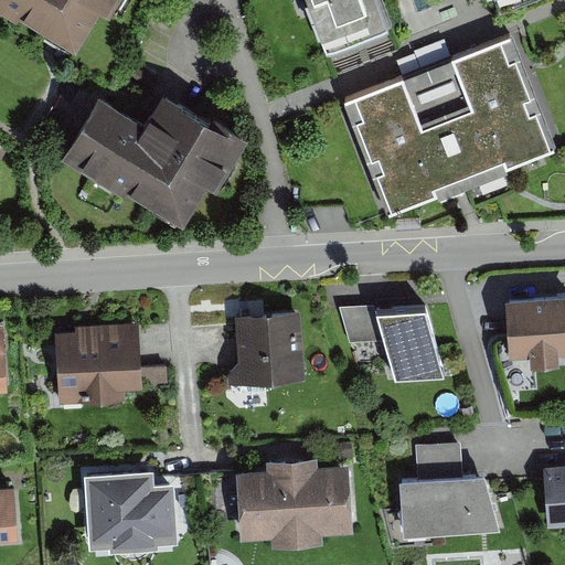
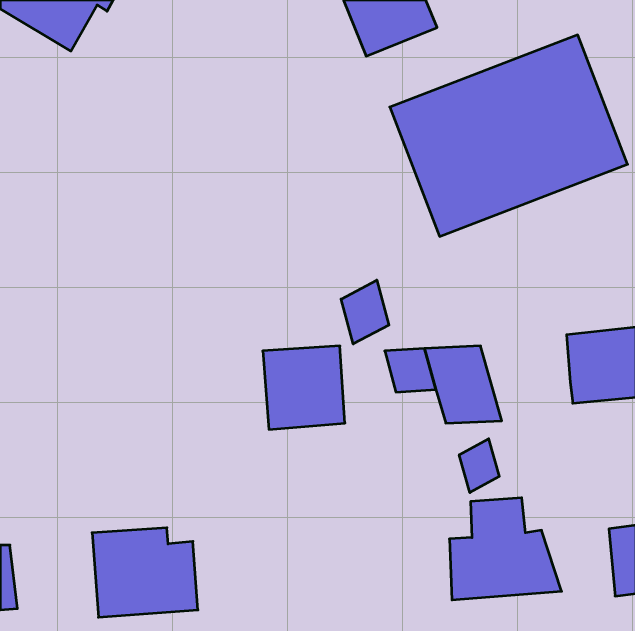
building: [60,93,238,224] -> none
building: none -> [341,280,389,344]
building: [56,323,170,406] -> none
building: none -> [459,439,499,493]
building: [235,459,352,543] -> none

